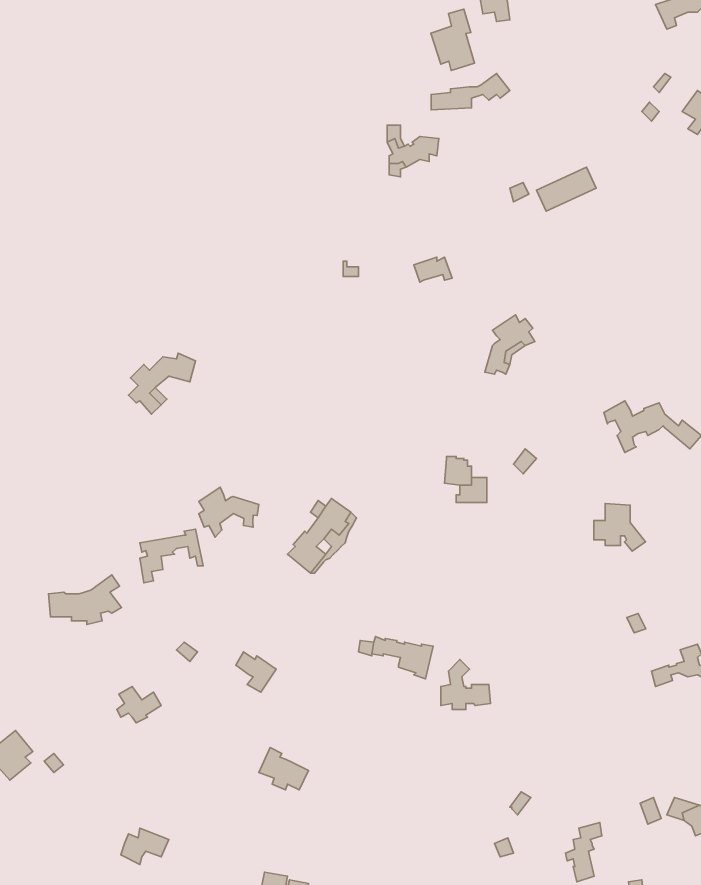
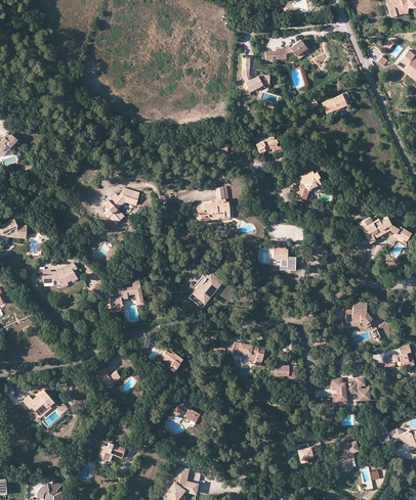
building: [431,9,474,71] -> none
building: none -> [195,187,230,219]
building: [199,487,259,537] -> none
building: [594,503,646,551] -> [344,301,372,326]
building: [49,575,121,625] -> [41,262,80,288]
building: none -> [331,378,368,404]

